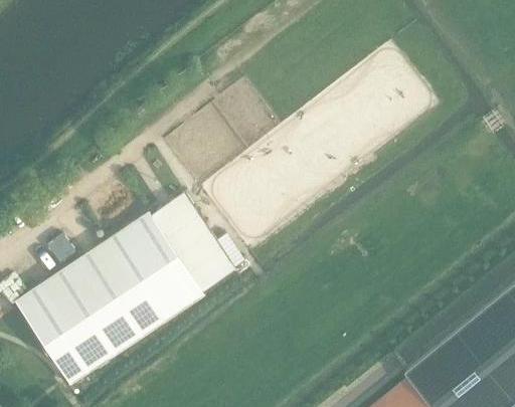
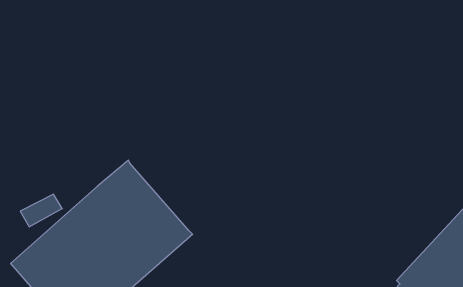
building: [151,195,235,292] -> none

